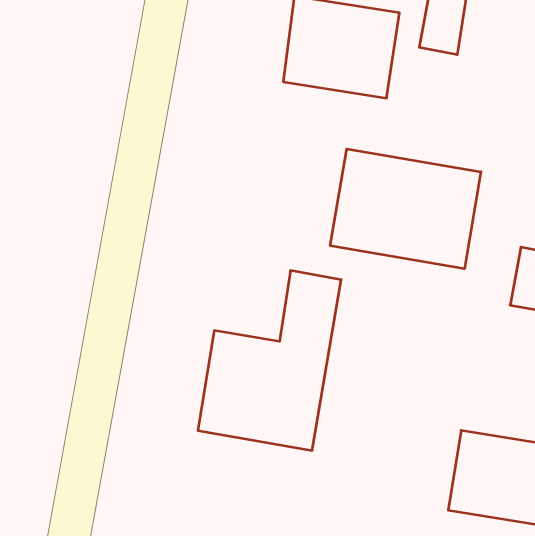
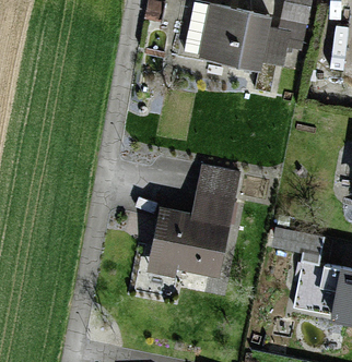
building: [330,149,481,269] -> none

